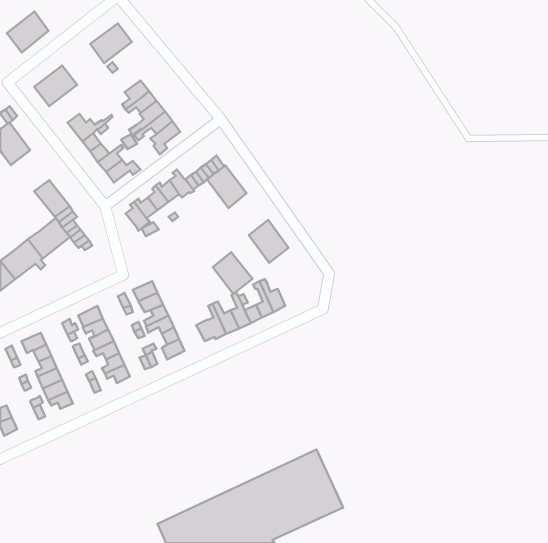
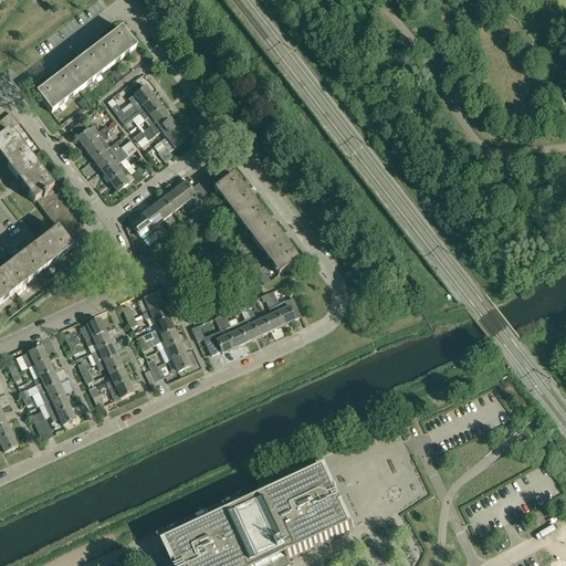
building: [7,12,49,52] -> [64,45,107,87]
building: none -> [11,155,53,199]
building: [213,252,252,294] -> [235,199,276,242]

